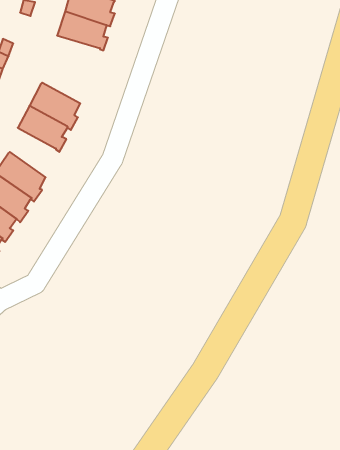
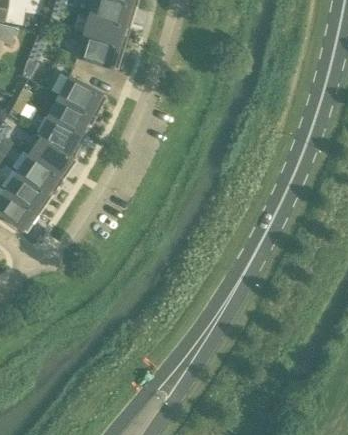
building: none -> [77,34,120,68]
building: none -> [38,114,82,157]

